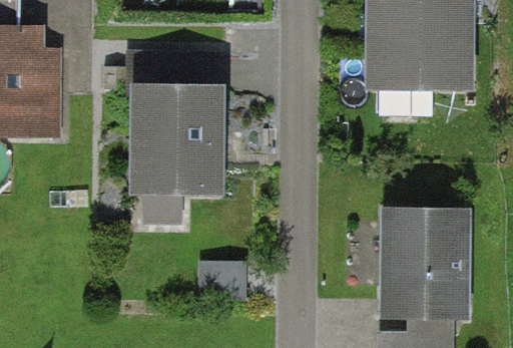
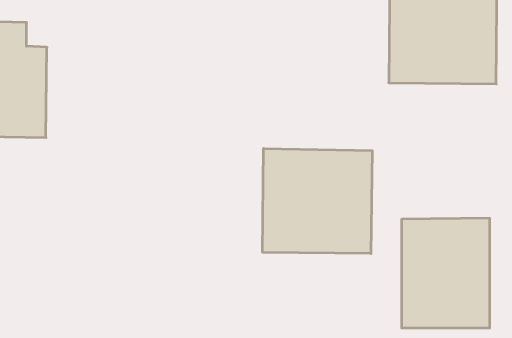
building: [135,88,225,185] -> none
building: none -> [263,148,372,254]

